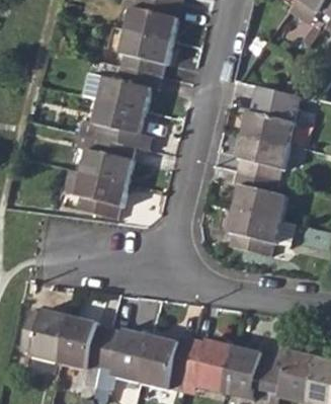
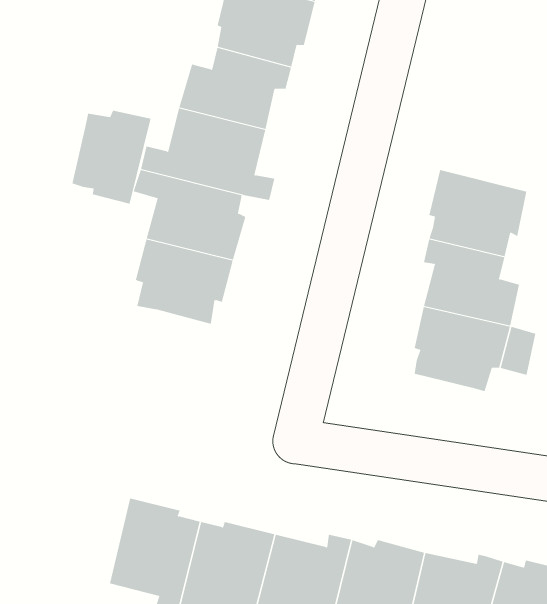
building: [245,99,299,146] -> none
building: none -> [72,110,151,205]
building: [20,310,73,363] -> none

